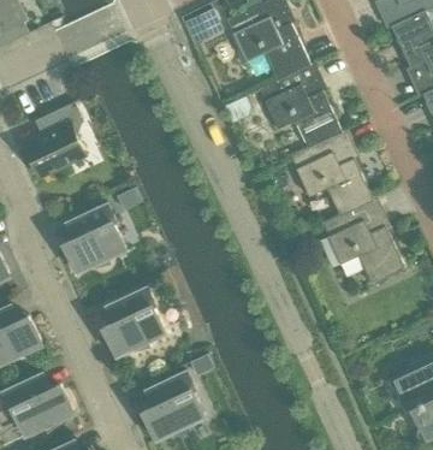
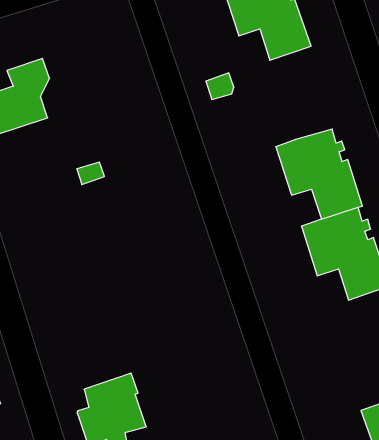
building: [256,63,340,147] -> none
building: [63,203,125,271] -> none
building: [102,288,165,355] -> none

